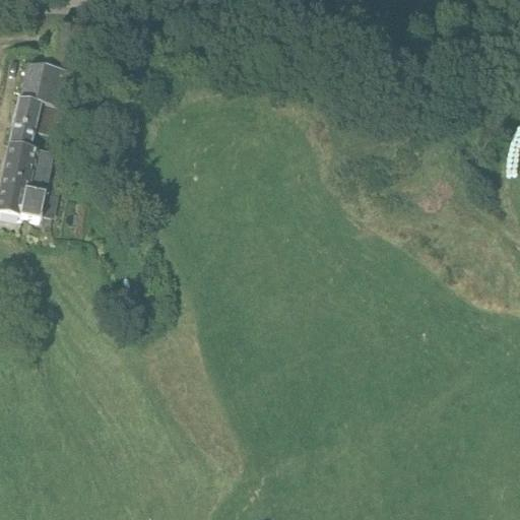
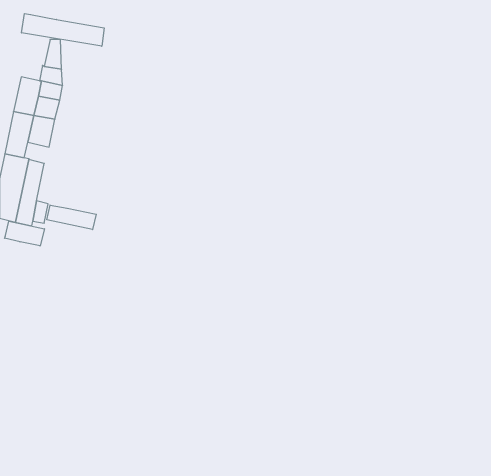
building: none -> [22,14,104,46]
building: none -> [47,205,96,230]
building: none -> [5,221,44,246]

